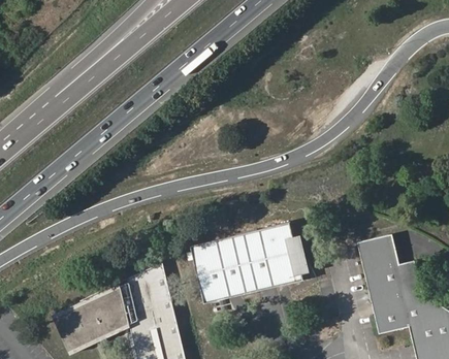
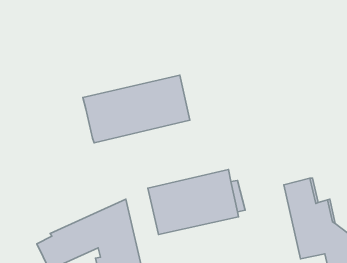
building: none -> [83,75,190,143]

